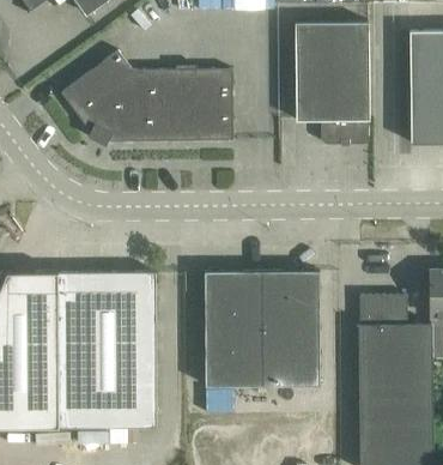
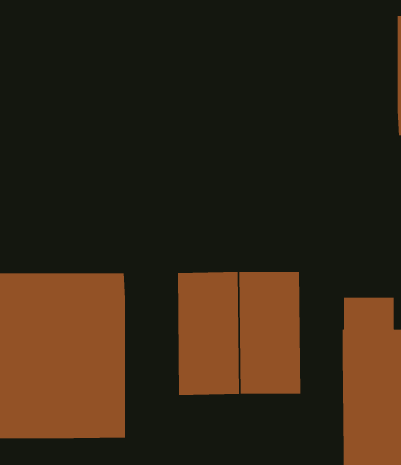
building: [295,22,369,143] -> none
building: [61,49,232,145] -> none

